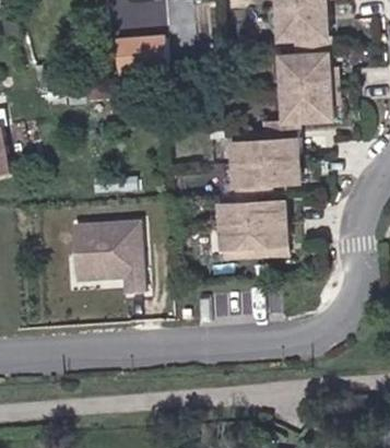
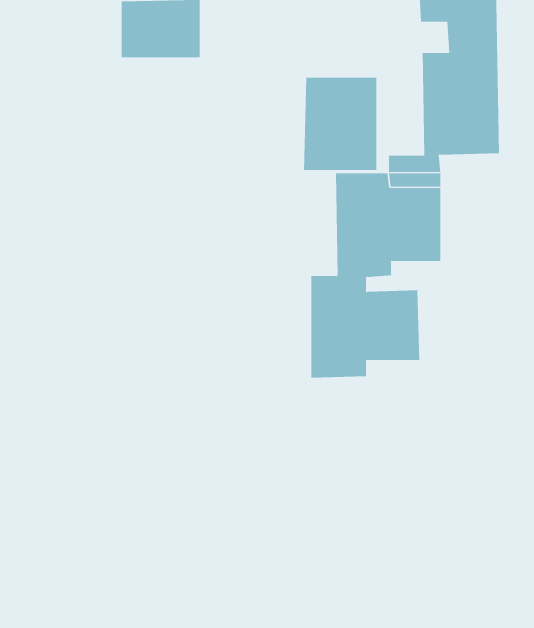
building: none -> [303,77,377,171]
building: [59,217,139,292] -> none

